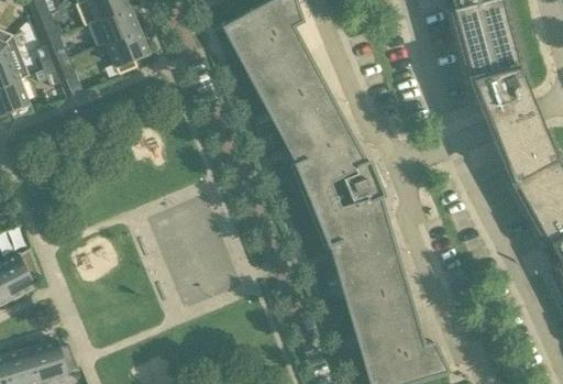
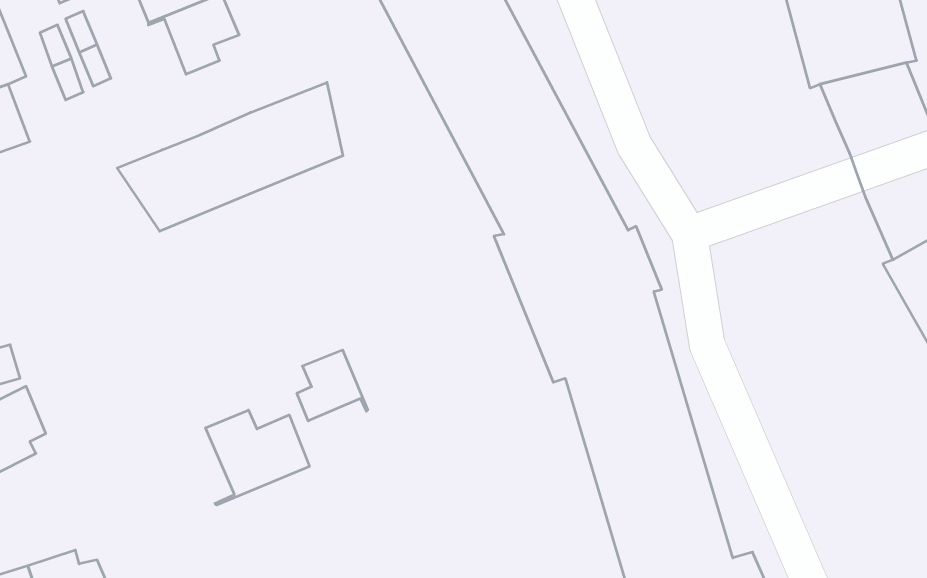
building: none -> [117,82,343,231]
building: none -> [297,350,368,421]
building: none -> [206,410,309,505]

